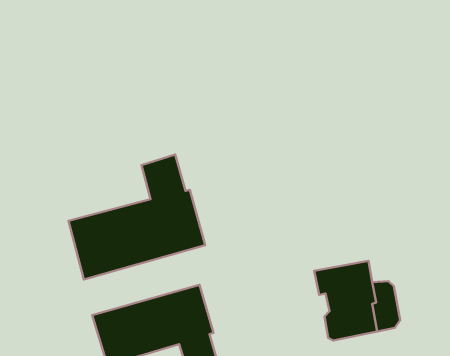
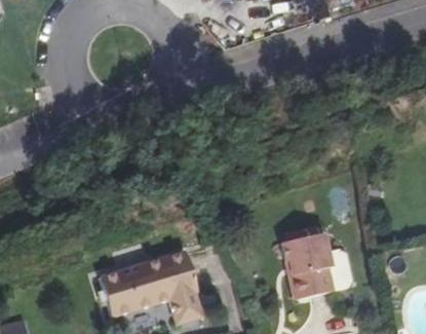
building: [68,155,205,279] -> none

